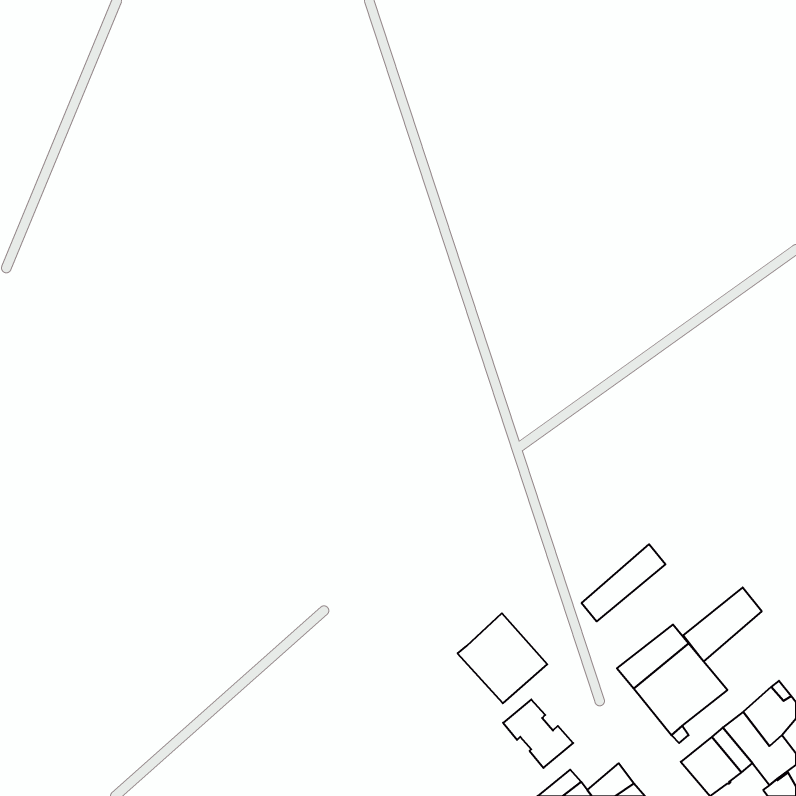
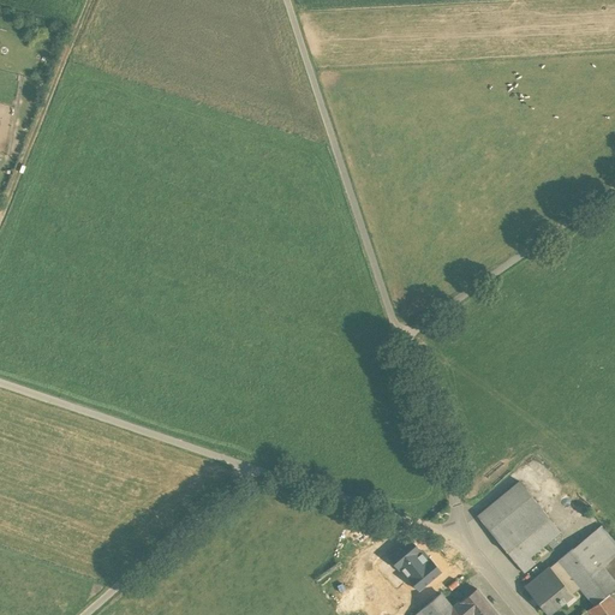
building: [582,544,665,621] -> none
building: [683,587,762,661] -> none
building: [458,613,547,703] -> none

